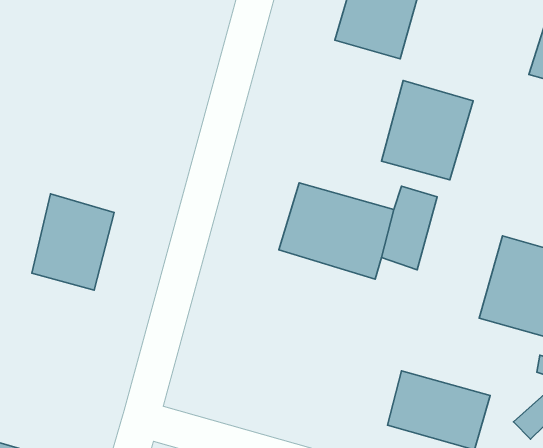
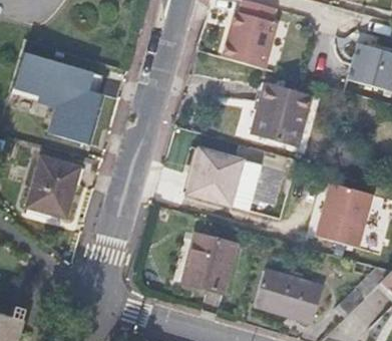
building: none -> [18,56,107,143]
building: none -> [182,233,237,293]

